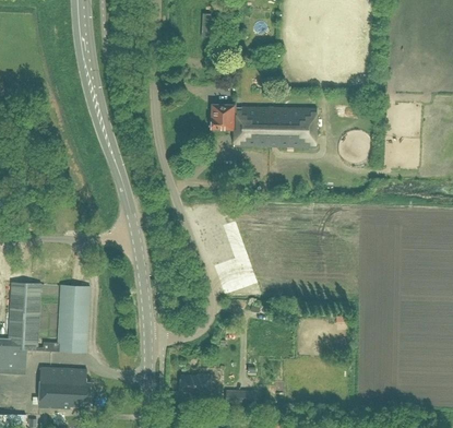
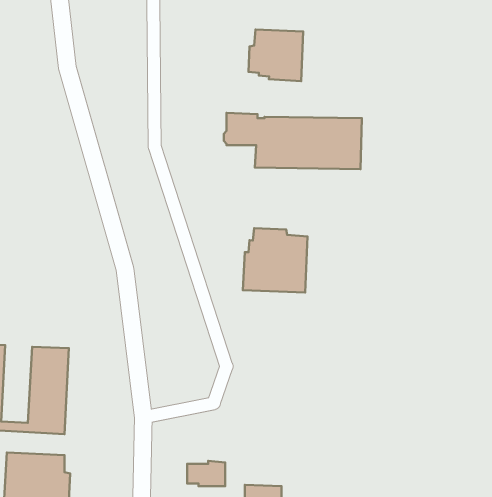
building: none -> [249,29,303,81]
building: none -> [243,228,307,293]

